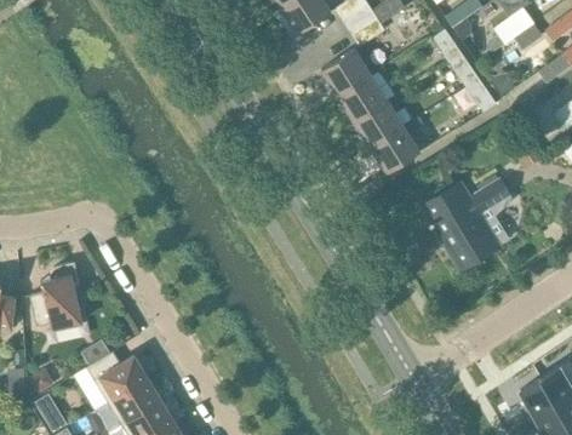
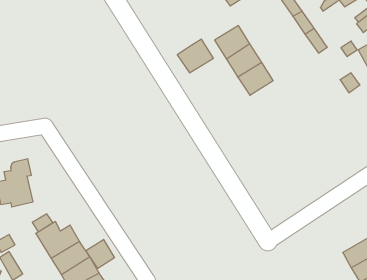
building: [321,47,372,95] -> [177,39,213,73]
building: [423,181,514,269] -> none
building: none -> [86,239,114,268]

